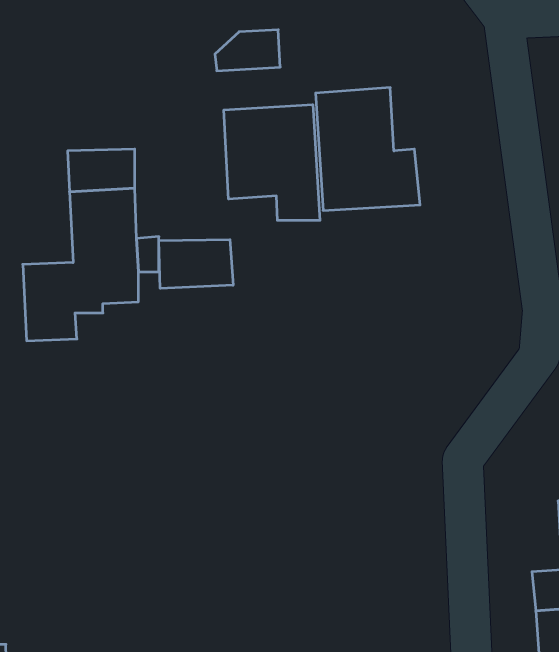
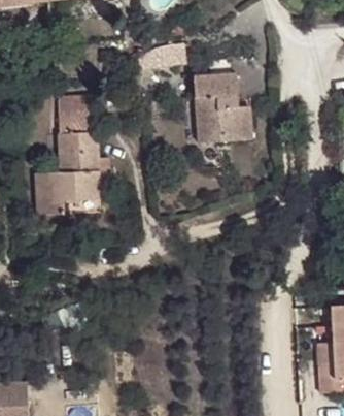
building: [224,105,320,220] -> none
building: [159,240,233,288] -> none

